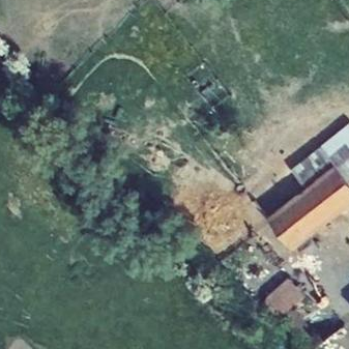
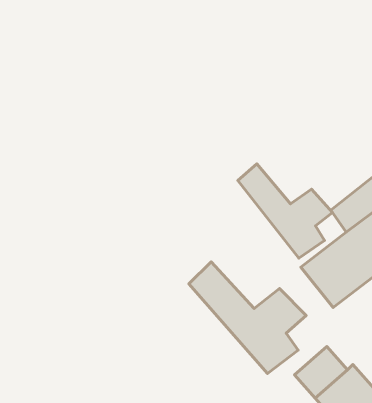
building: none -> [238,164,332,258]
building: none -> [189,262,306,374]

